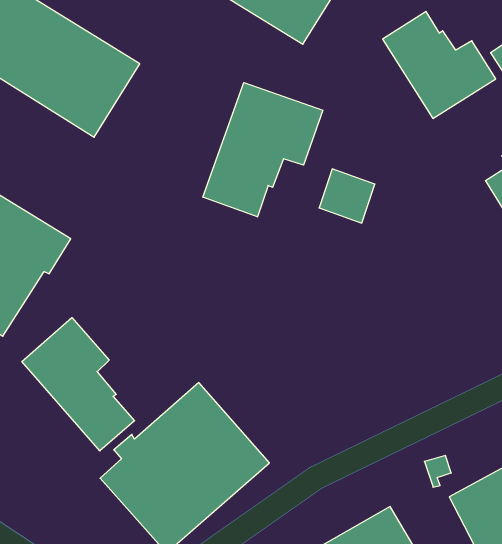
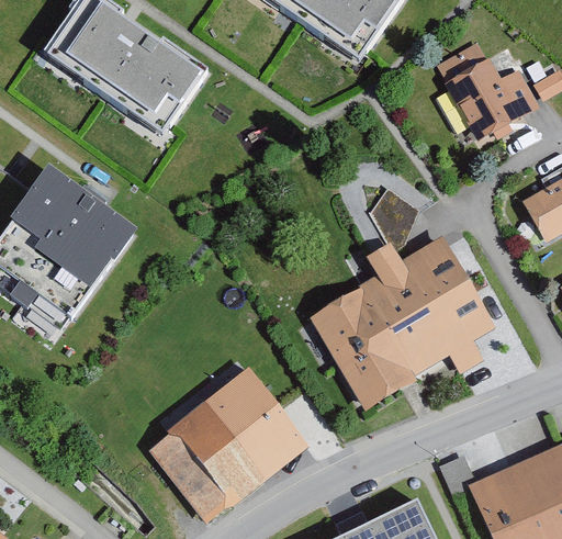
building: [203,83,323,217] -> none
building: none -> [312,238,495,412]
building: [22,318,135,451] -> none

